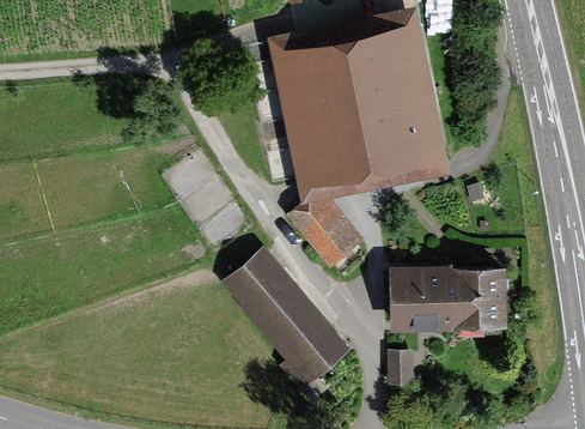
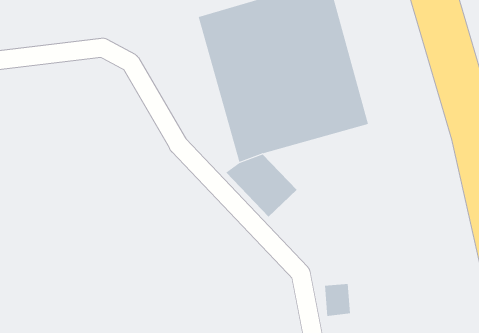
building: [220,246,352,388] -> none
building: [389,265,508,334] -> none

